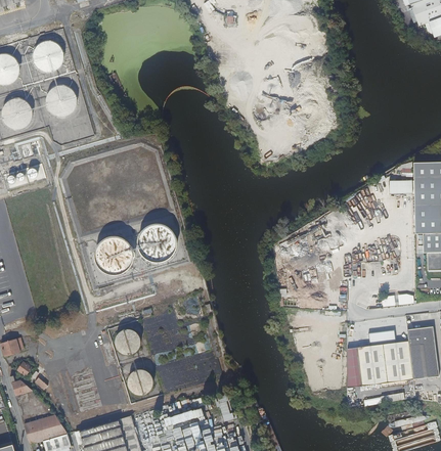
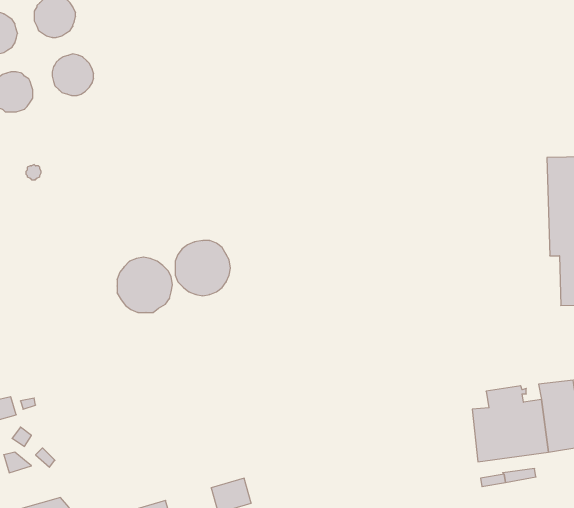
building: [115,328,137,351] -> none
building: [347,348,361,389] -> none
building: [128,370,150,393] -> none

